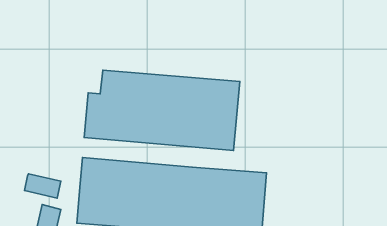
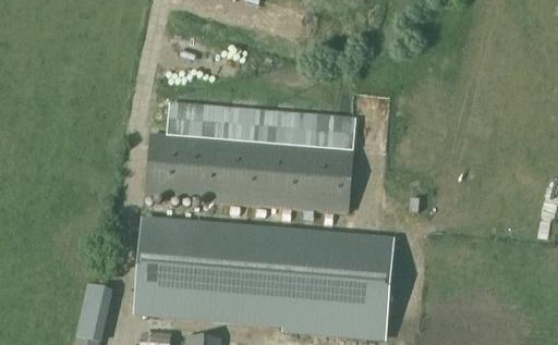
building: [24,174,61,198] -> none

